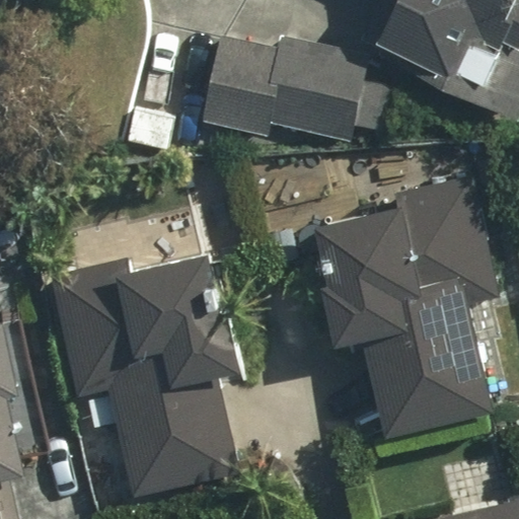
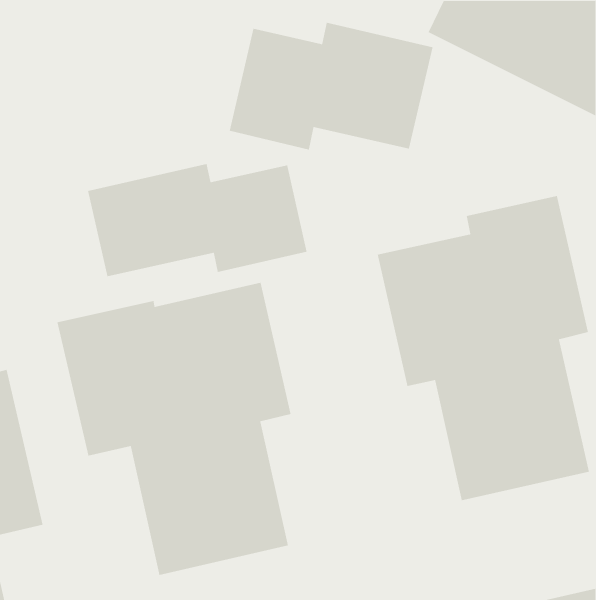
building: none -> [87,163,308,277]

